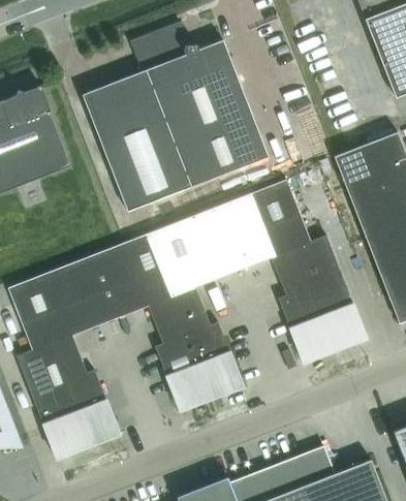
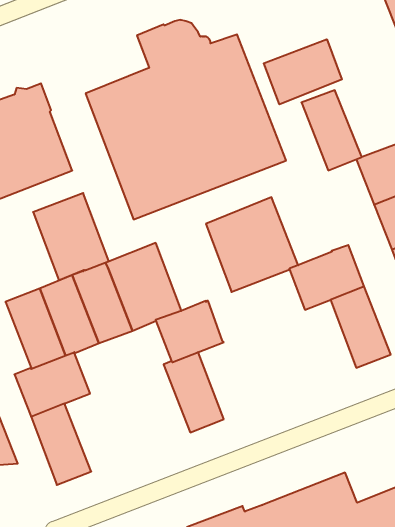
building: none -> [264,39,342,104]
building: [255,180,311,254] -> [301,90,362,170]
building: [148,216,218,296] -> [33,193,109,280]
building: [278,286,334,362] -> none
building: [187,321,243,397] -> none
building: [63,370,119,445] -> none

